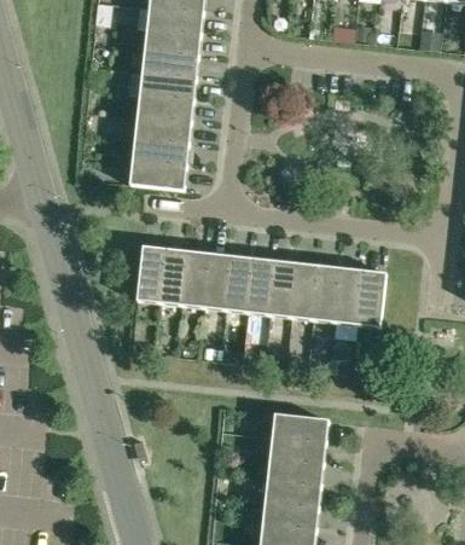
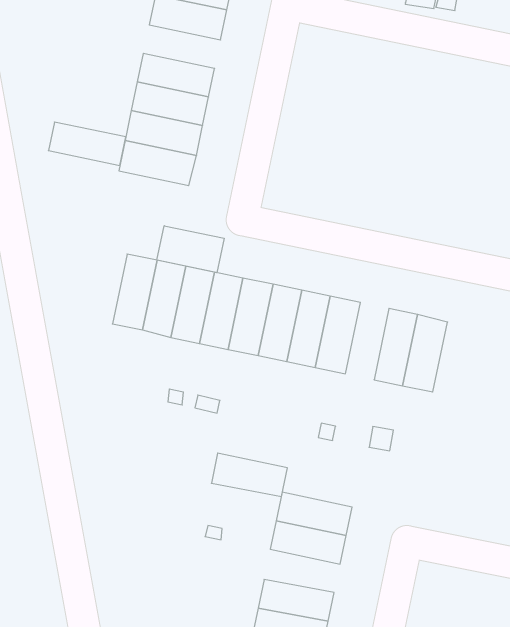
building: [139,73,196,100] -> [48,122,126,166]
building: none -> [157,226,224,273]
building: [313,265,341,321] -> none
building: [267,456,322,483] -> [211,453,287,496]

